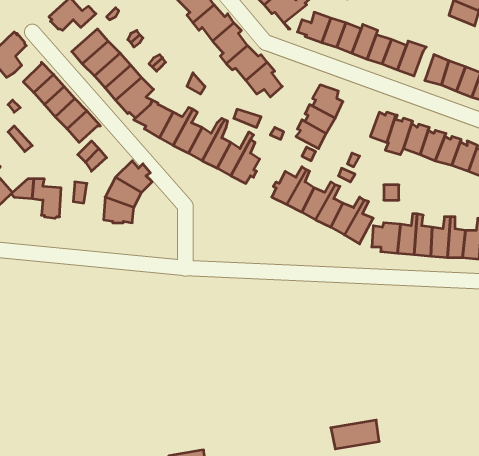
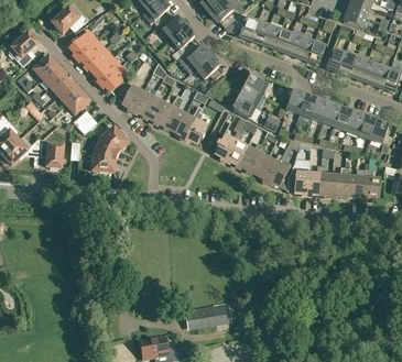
building: [331,420,379,449] -> [195,303,230,323]

